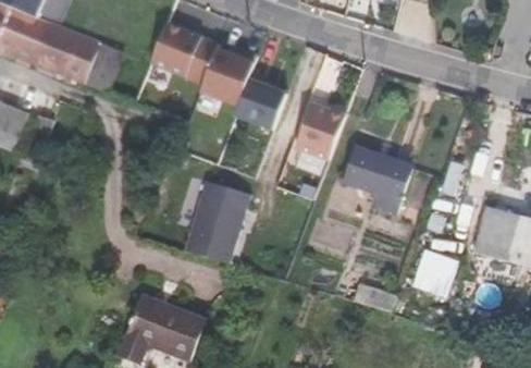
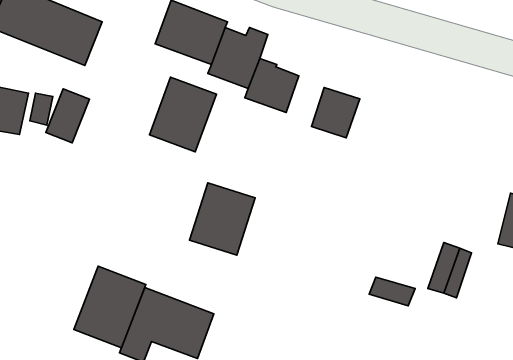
building: [84,42,125,94] -> [46,89,89,143]
building: none -> [149,77,217,152]
building: [344,147,413,199] -> none
building: none -> [74,266,146,348]

